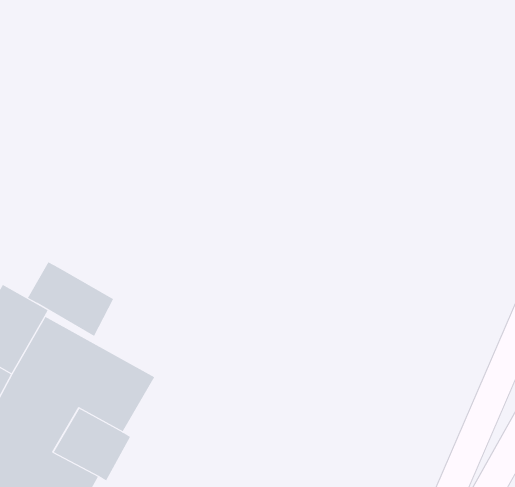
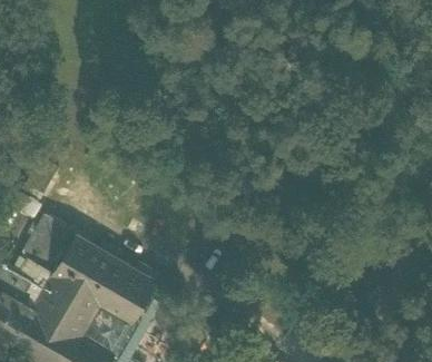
building: [27,262,114,337] -> none

